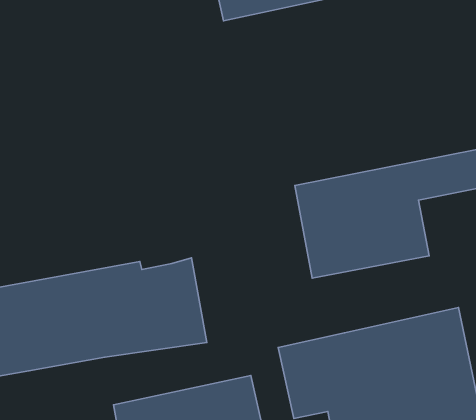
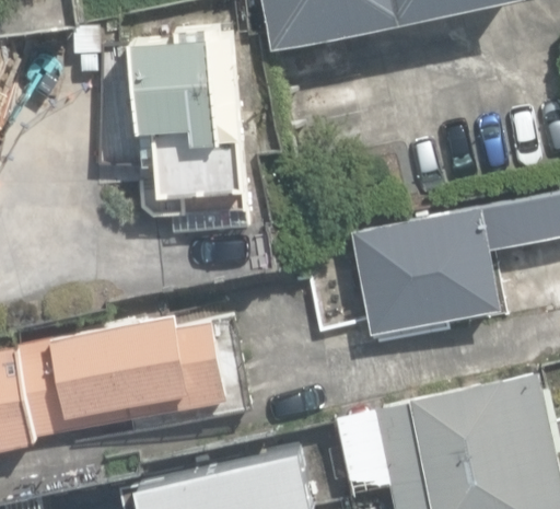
building: none -> [132,32,248,233]

